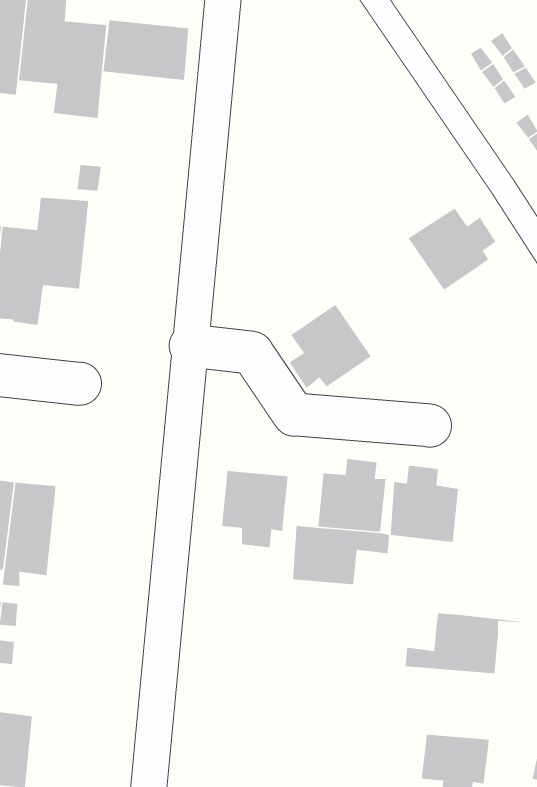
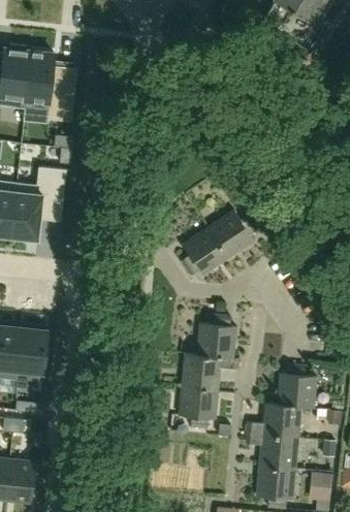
building: [103,20,189,81] -> none
building: [408,207,497,291] -> [206,209,257,256]
building: [390,465,459,543] -> [277,362,316,407]
building: [221,470,288,548] -> [179,383,217,427]
building: none -> [245,433,297,474]

